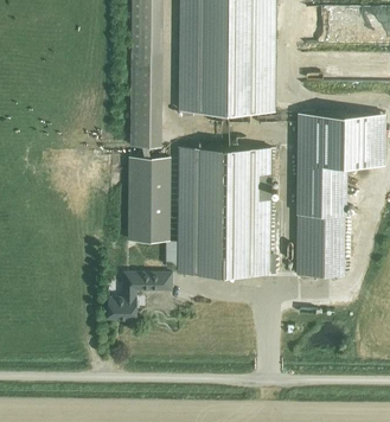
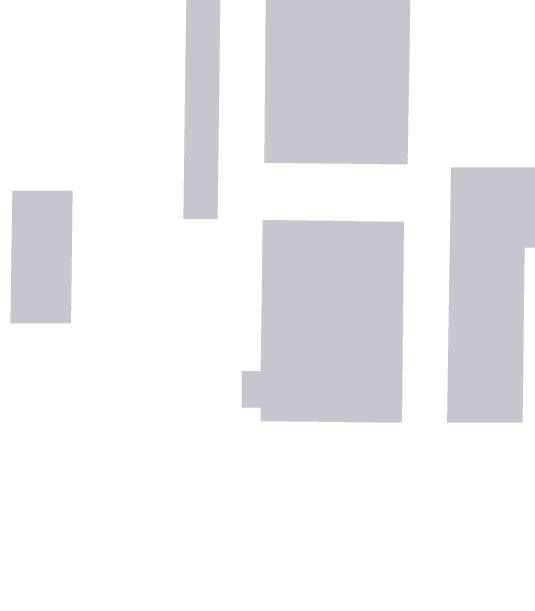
building: [129,159,170,243] -> [10,190,74,324]
building: [109,274,172,322] -> none

